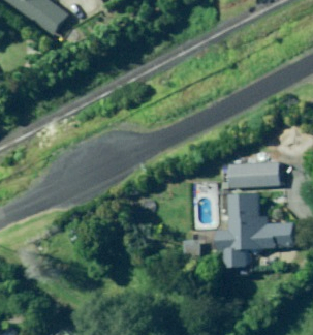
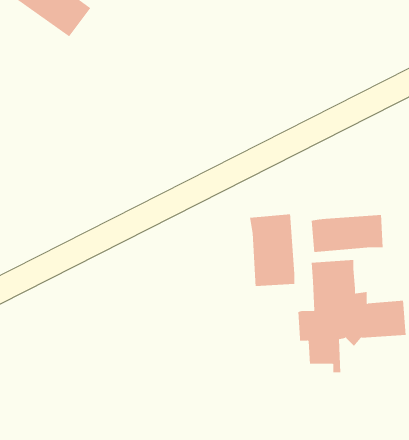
building: none -> [250,213,295,287]

